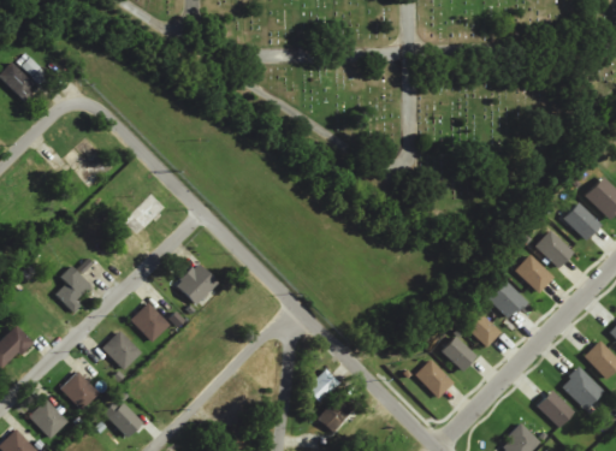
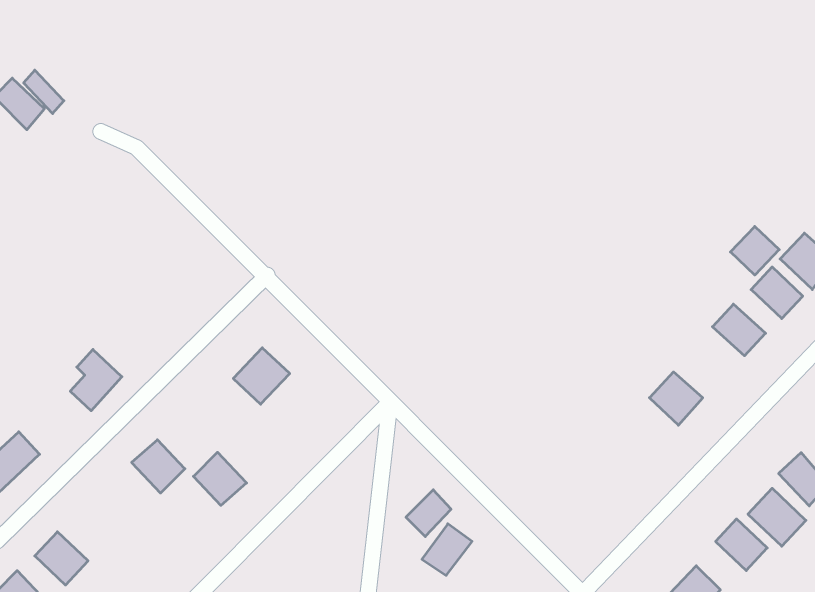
building: none -> [730,226,779,275]
building: [514,254,553,293] -> none
building: [130,302,170,342] -> [193,452,247,505]
building: [464,311,502,348] -> none
building: [442,334,479,372] -> none
building: [415,358,454,398] -> none
building: [60,372,100,410] -> none
building: [107,402,143,438] -> none

